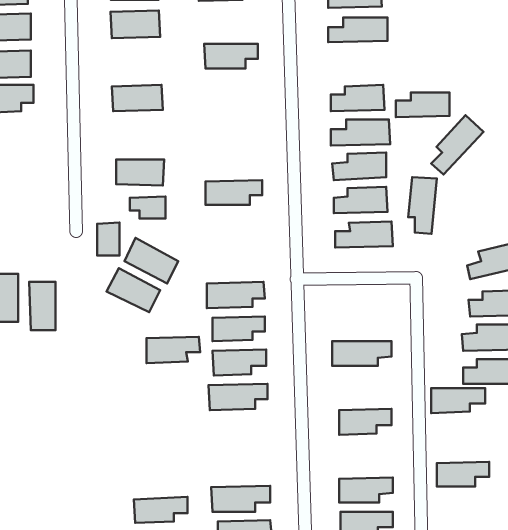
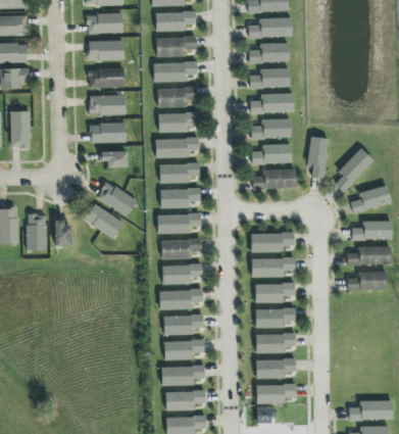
building: none -> [156,12,196,31]
building: none -> [89,41,124,60]
building: none -> [153,62,197,82]
building: [396,92,449,117] -> [249,44,289,62]
building: none -> [158,88,197,107]
building: [431,115,483,174] -> [335,148,373,192]
building: none -> [89,96,126,114]
building: none -> [11,111,31,148]
building: none -> [159,113,198,132]
building: none -> [160,163,200,183]
building: [97,222,119,255] -> [55,222,71,246]
building: none -> [160,189,200,208]
building: none -> [251,233,294,251]
building: [146,337,200,363] -> [164,316,204,335]
building: [431,388,485,413] -> [255,284,295,302]
building: [437,462,489,486] -> [256,334,295,352]
building: [134,497,188,523] -> [164,340,204,359]

